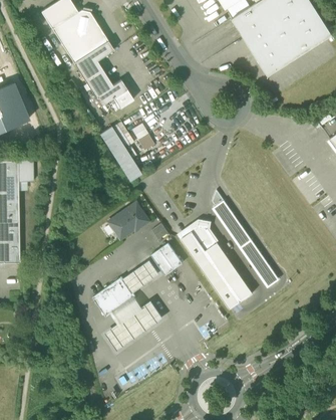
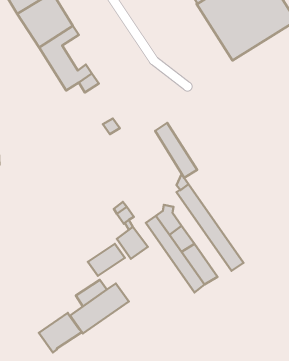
building: [99,126,141,181] -> [155,123,197,178]
building: [107,202,148,236] -> none
building: [92,276,135,317] -> [39,313,82,353]

